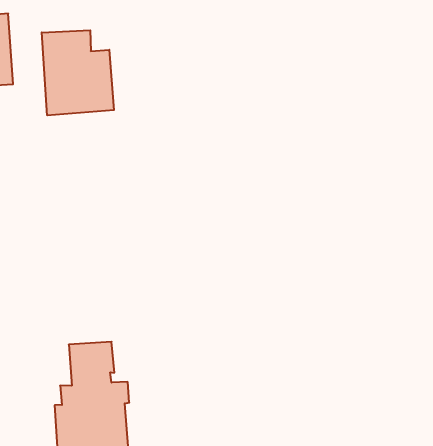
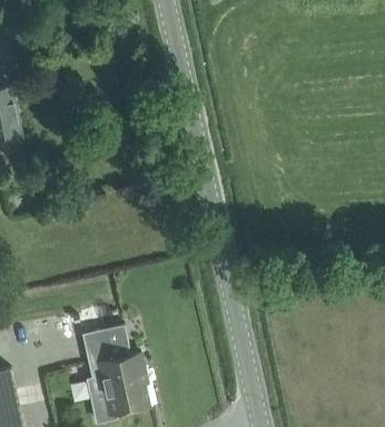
building: [42,30,114,115] -> none

